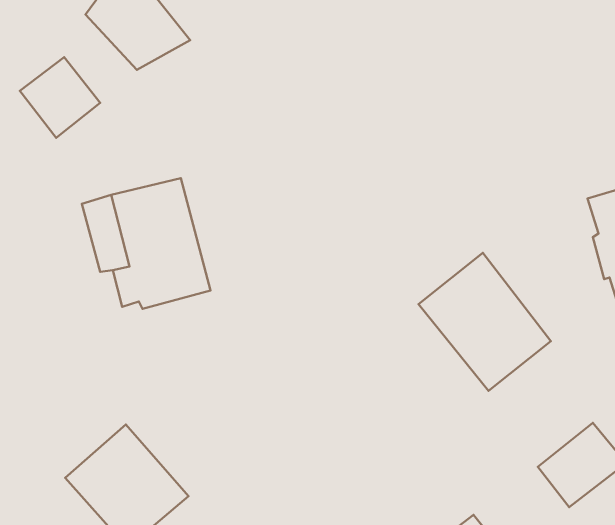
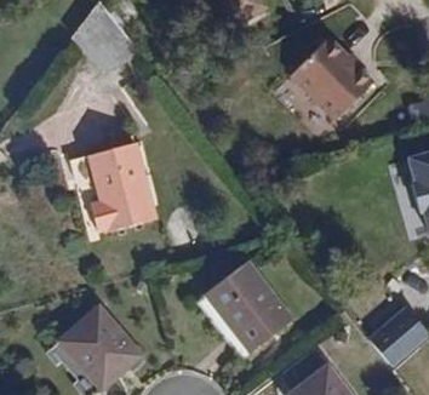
building: none -> [282,40,365,122]
building: [20,57,100,138] -> none
building: [419,253,551,391] -> [206,261,293,351]

